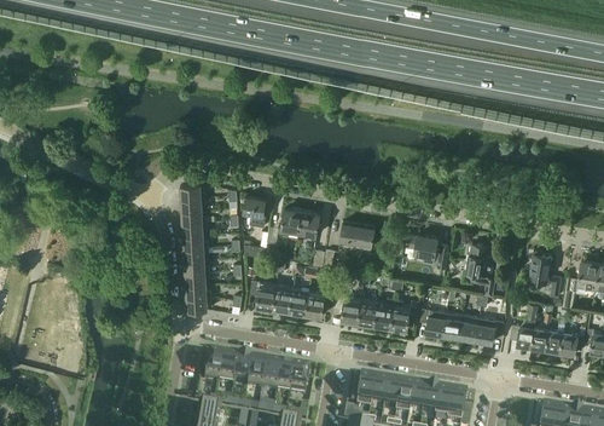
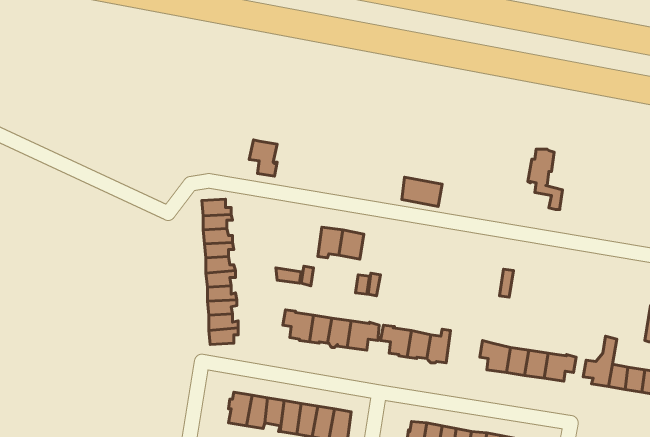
building: [242,192,266,224] -> [249,140,277,176]
building: [339,218,374,243] -> [402,177,442,207]
building: [405,231,436,260] -> none
building: [464,241,494,293] -> [528,149,563,209]
building: [528,248,561,294] -> none
building: [390,295,418,326] -> none

